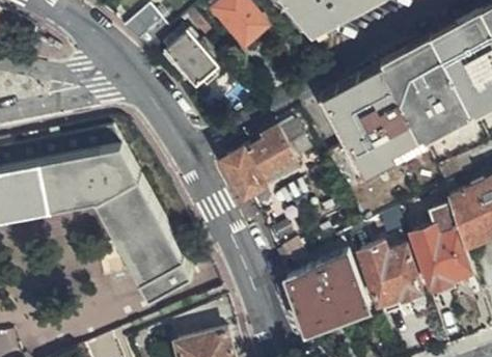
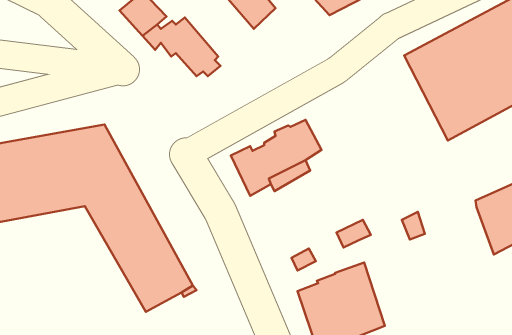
building: [318,68,423,177] -> none
building: [414,205,472,291] -> none
building: [359,245,420,306] -> none

